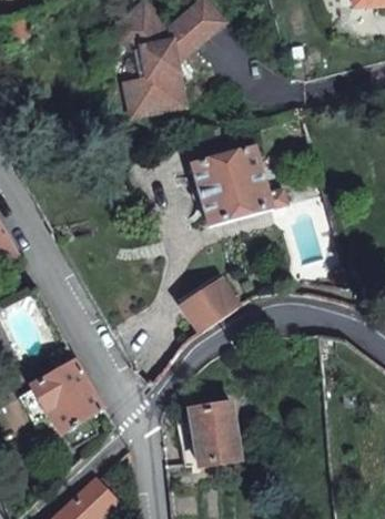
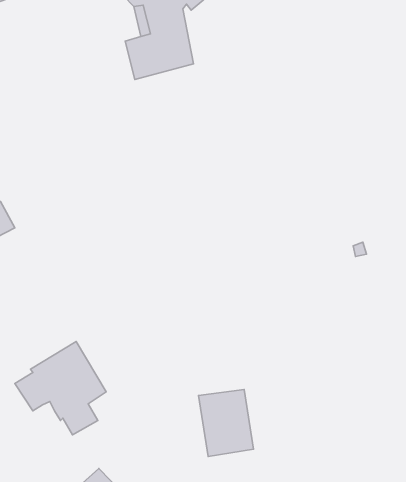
building: [191,147,286,227] -> none
building: [184,282,236,332] -> none

